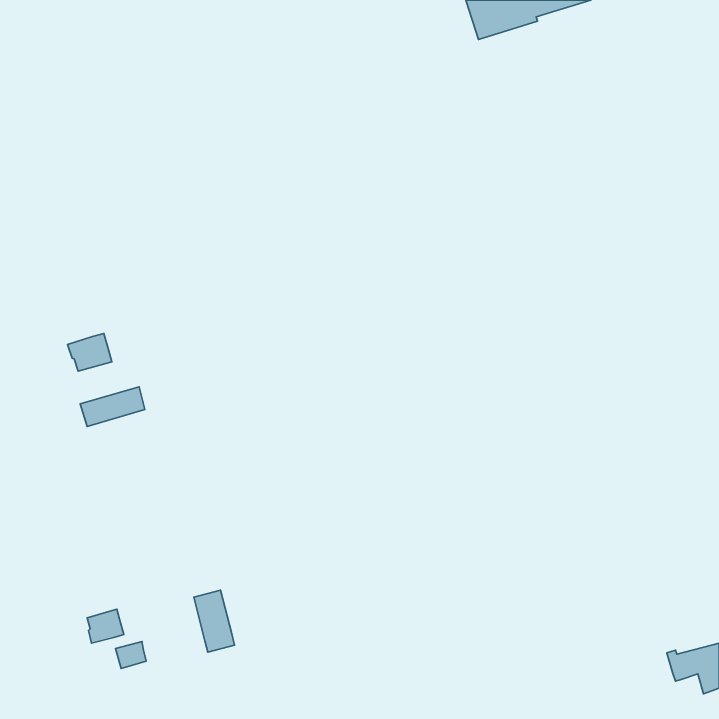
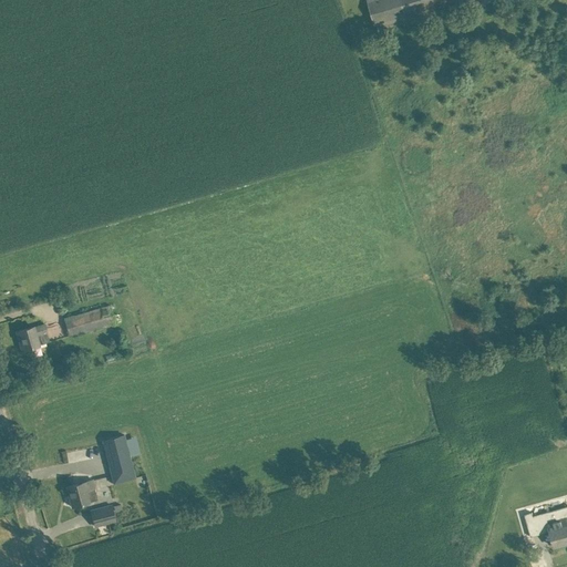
building: [67,334,112,371] -> none
building: none -> [19,323,49,350]
building: [194,590,235,652] -> [103,434,135,483]

